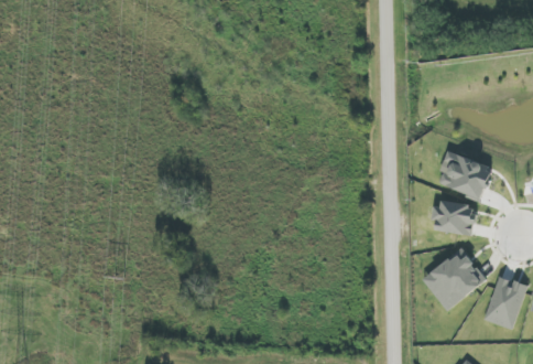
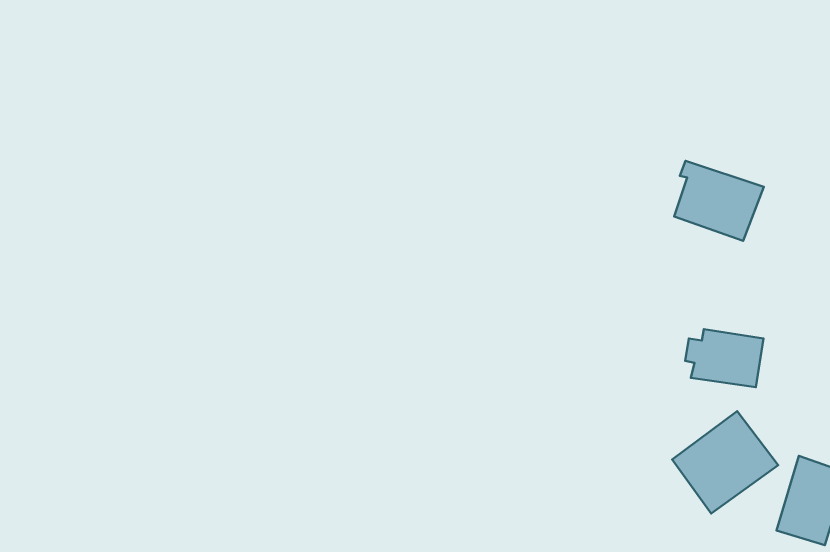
building: [440,151,493,199] -> [674,161,764,241]

